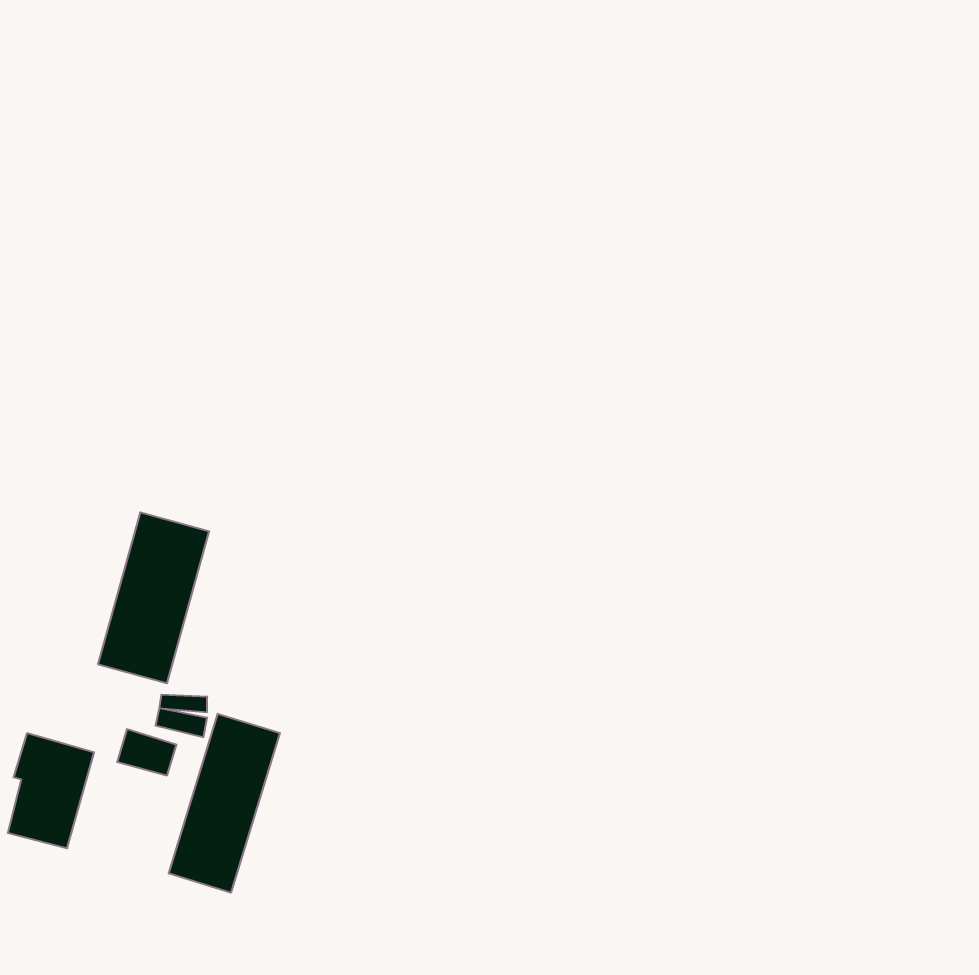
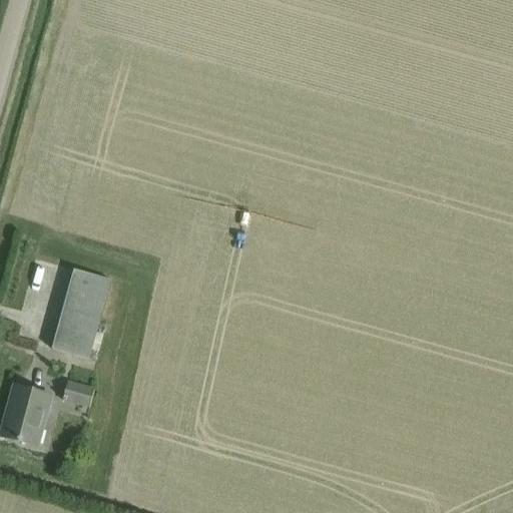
building: [169,714,280,893] -> none

